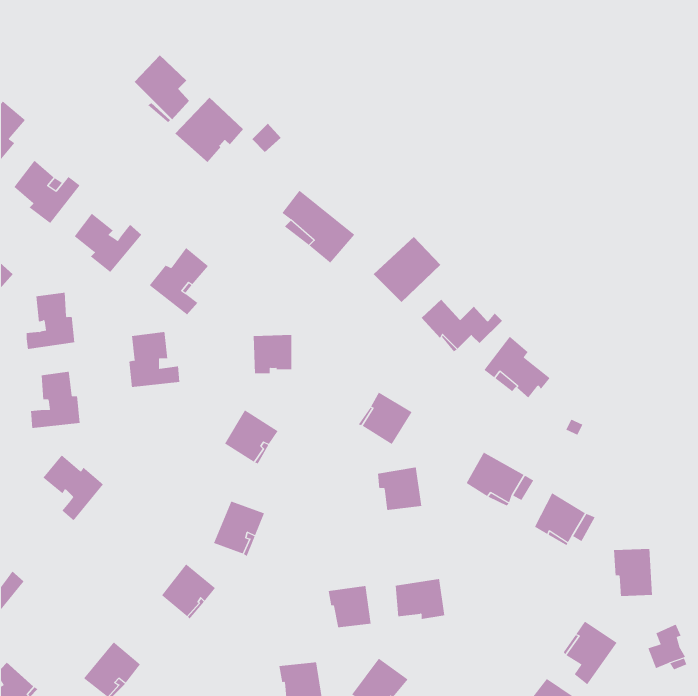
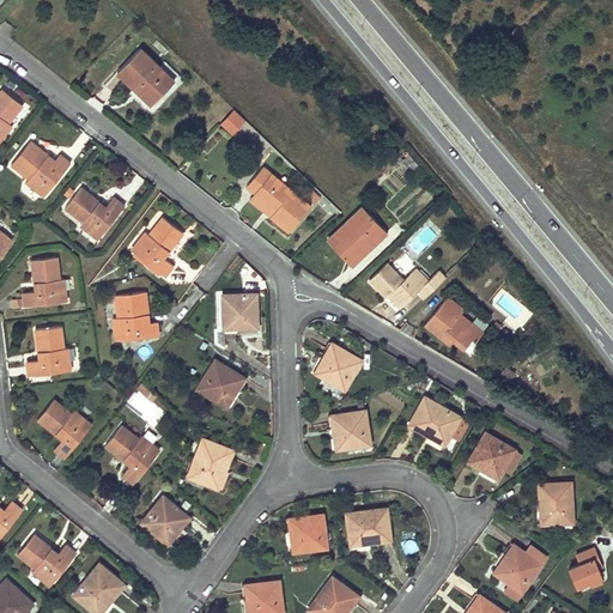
building: [175,97,244,163] -> none
building: none -> [105,426,159,485]
building: none -> [17,534,77,587]

